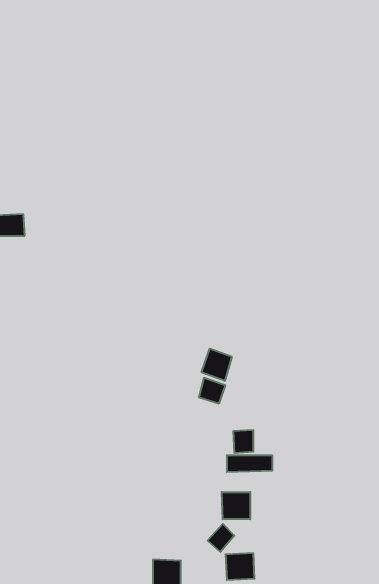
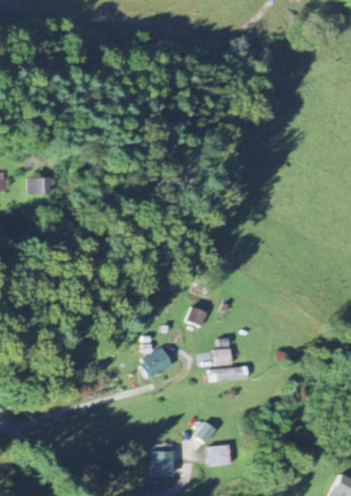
building: [202,349,232,381] -> none
building: none -> [139,347,171,377]
building: [222,492,250,519] -> none

